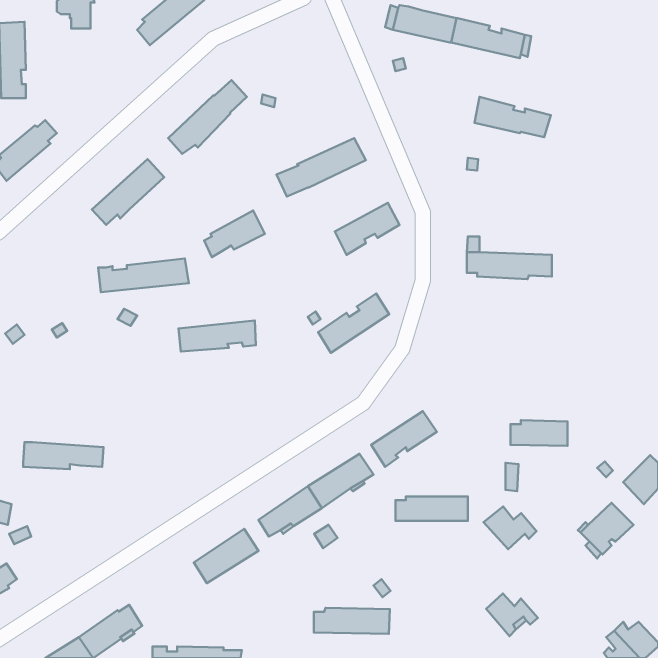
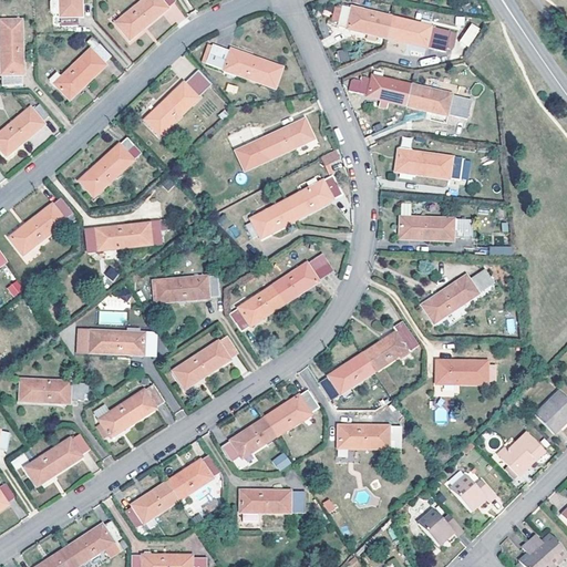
building: none -> [54,43,110,99]
building: none -> [205,43,281,86]
building: none -> [348,76,411,105]
building: none -> [395,150,462,178]
building: [204,211,265,257] -> [245,198,297,238]
building: none -> [9,197,73,250]
building: none -> [422,267,494,321]
building: none -> [229,285,284,330]
building: none -> [362,320,417,370]
building: none -> [79,330,155,355]
building: none -> [175,334,238,388]
building: none -> [101,383,165,436]
building: none -> [28,433,90,485]
building: [484,507,537,549] -> [447,474,493,511]
building: none -> [125,482,177,527]
building: [314,608,390,634] -> [240,489,306,512]

